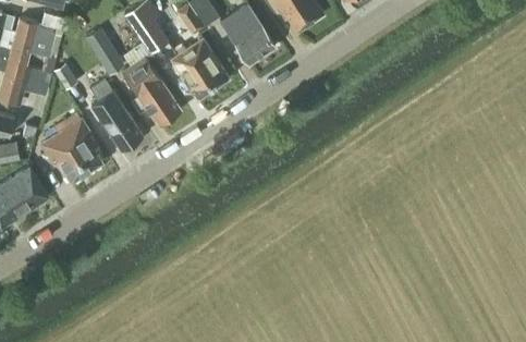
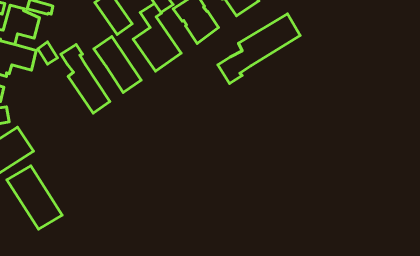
building: [85,27,124,75] -> none
building: none -> [218,14,300,84]
building: [40,119,101,182] -> none
building: none -> [7,166,62,229]

